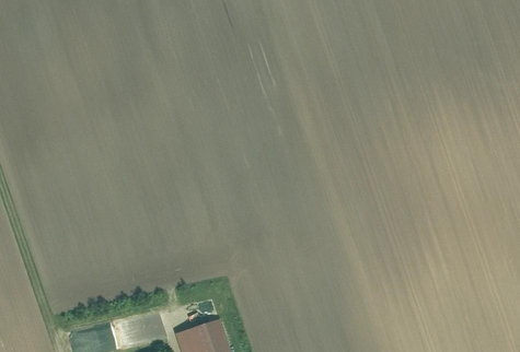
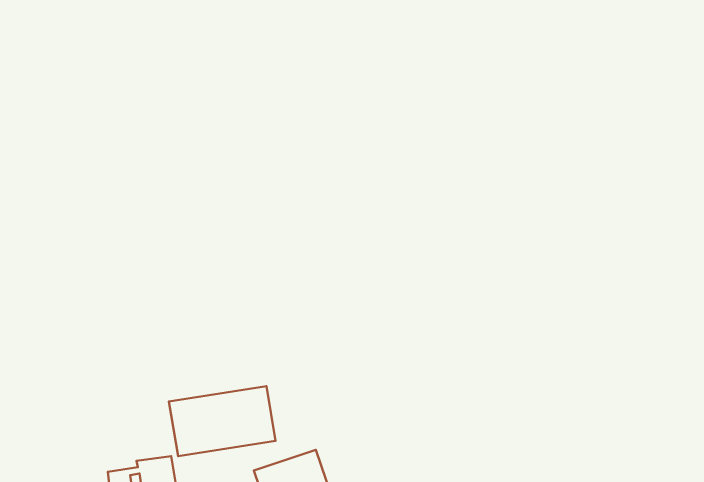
building: none -> [169,386,276,456]

